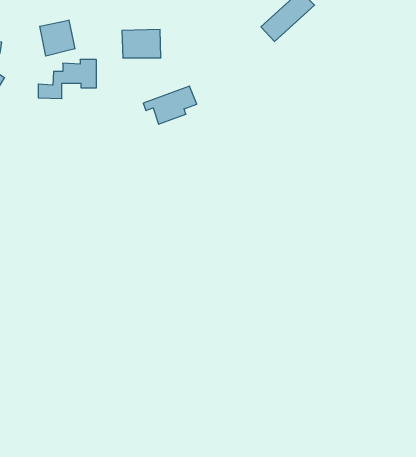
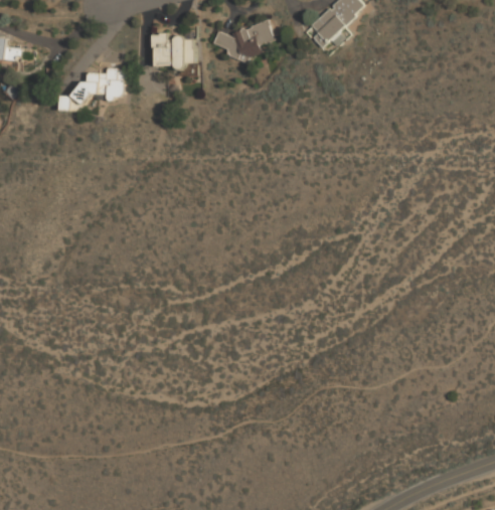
building: [40,20,75,56] -> none
building: [143,86,197,124] -> [214,19,274,61]

